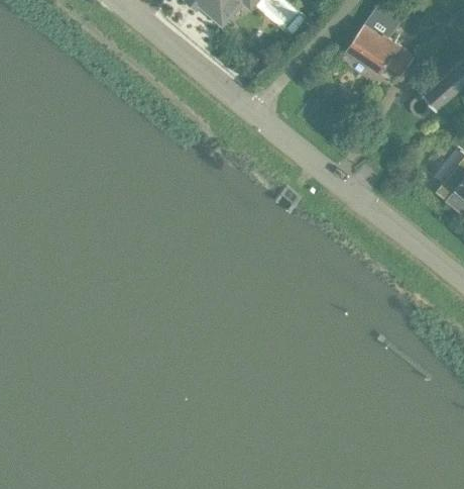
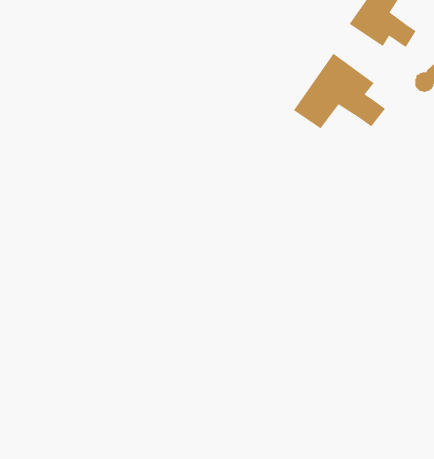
building: none -> [293,53,386,129]

